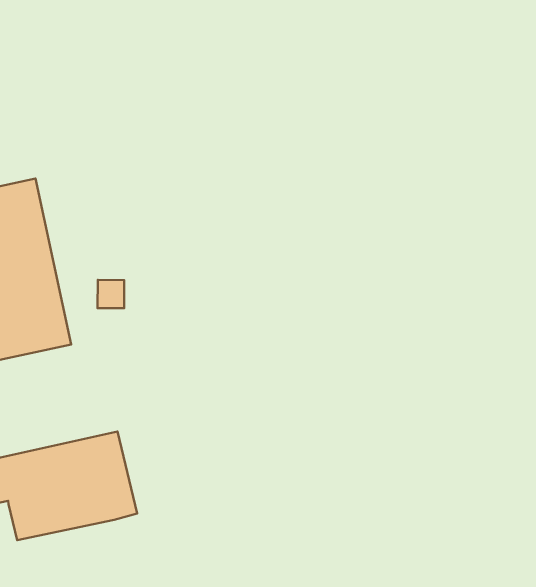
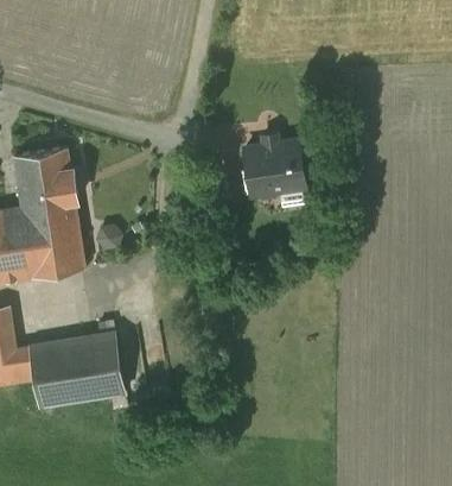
building: none -> [236,132,306,198]

